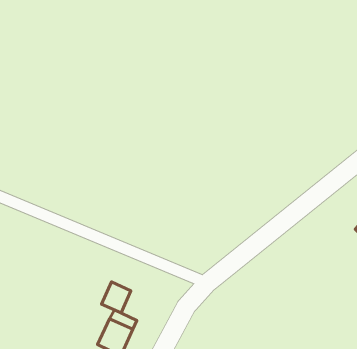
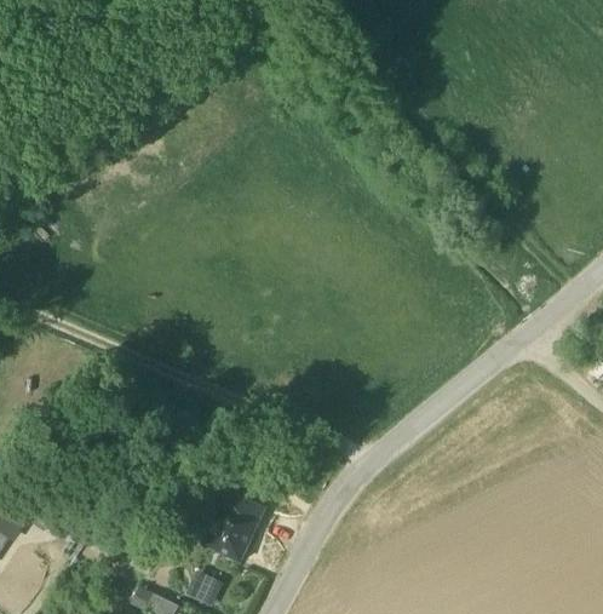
building: [101,282,131,313] -> none

